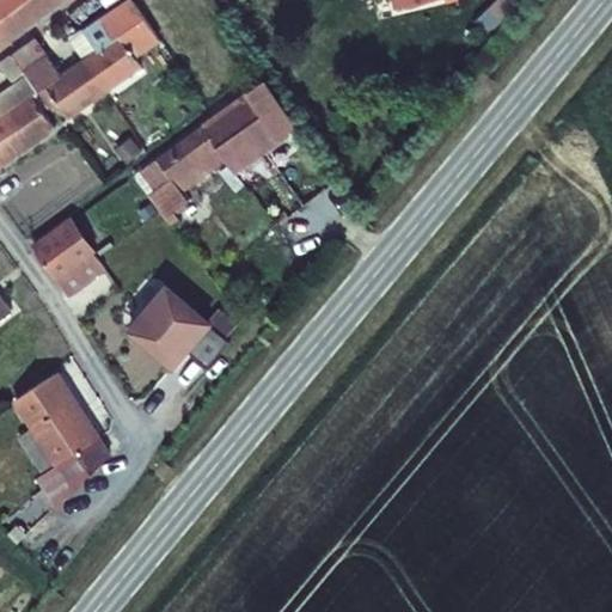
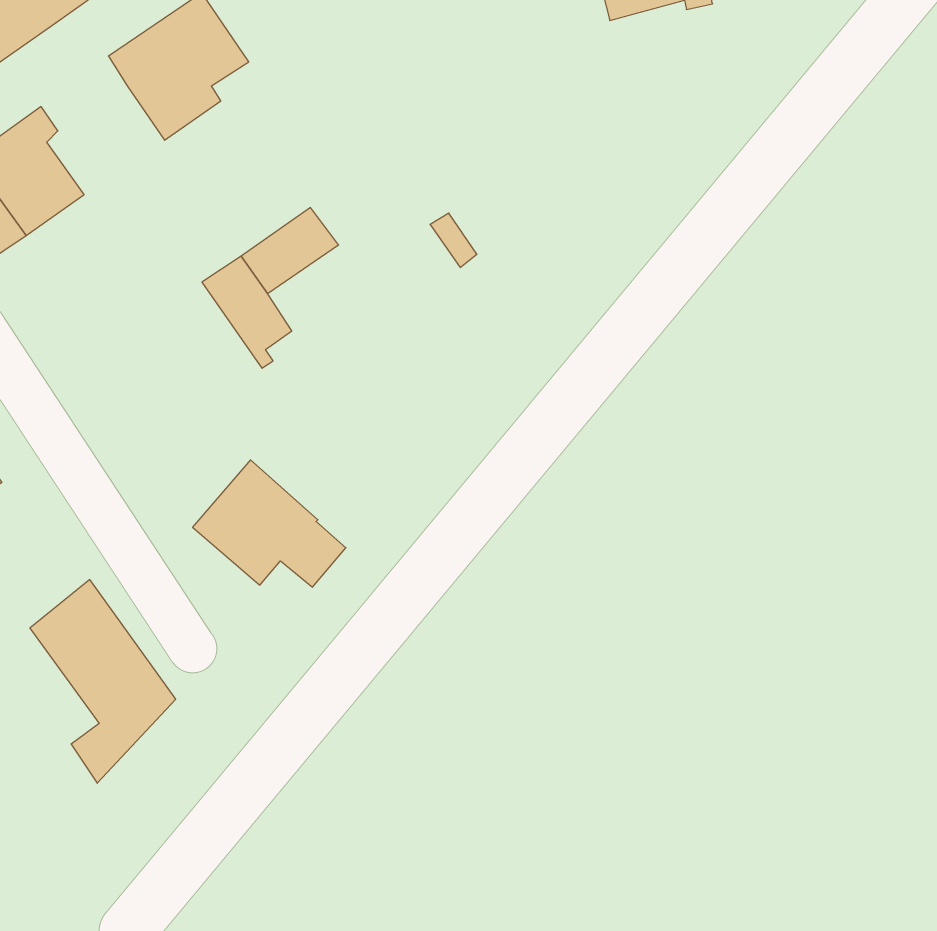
building: [24,49,105,114] -> none
building: [198,98,275,167] -> none
building: [32,224,102,294] -> none

